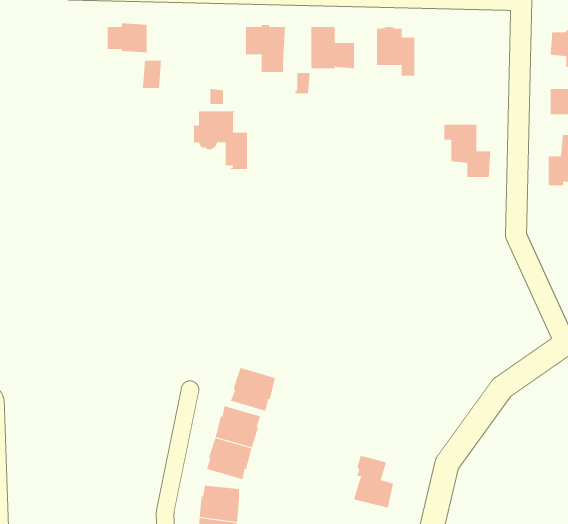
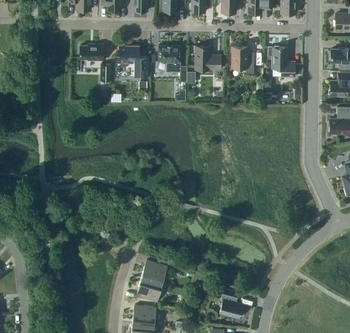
building: [193,111,248,169] -> [116,45,147,78]
building: [443,124,491,177] -> [268,47,295,77]
building: [230,367,276,411] -> none

